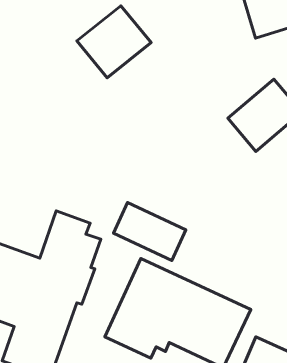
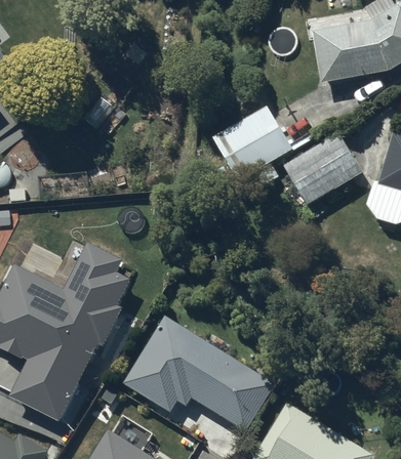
building: [77,6,151,78] -> [211,107,290,181]
building: [113,203,186,260] -> none

